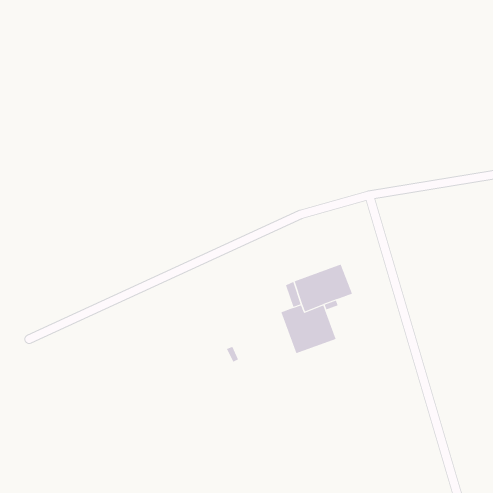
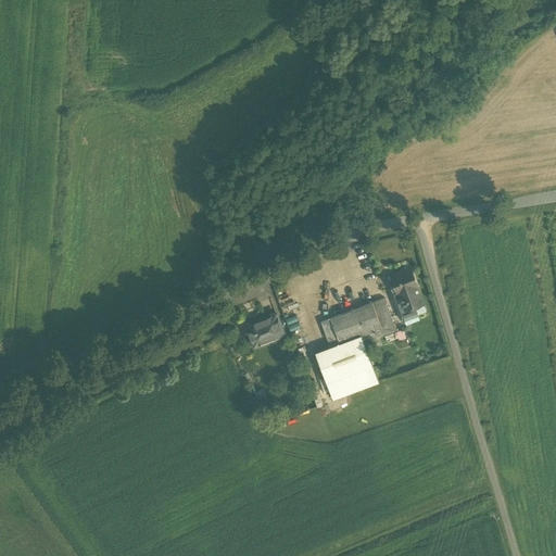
building: none -> [390,267,422,317]
building: none -> [245,314,283,348]

